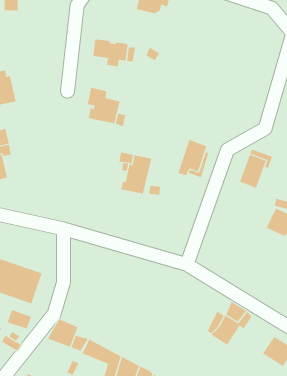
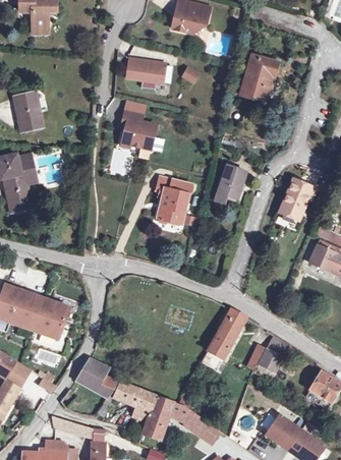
building: none -> [239,58,277,104]
building: none -> [202,310,245,369]

